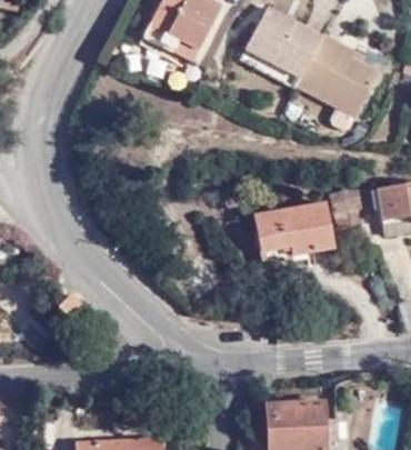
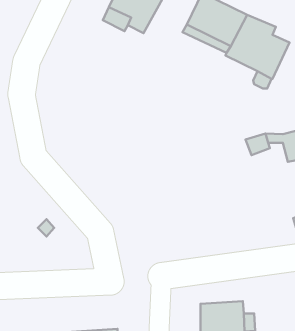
building: [254,201,333,253] -> none

